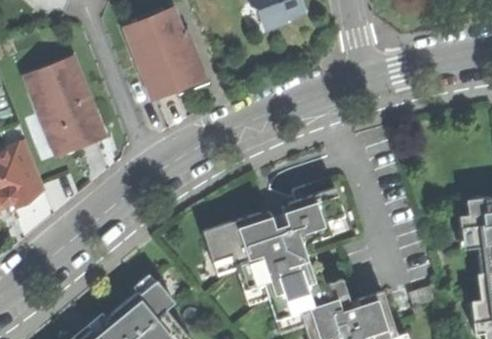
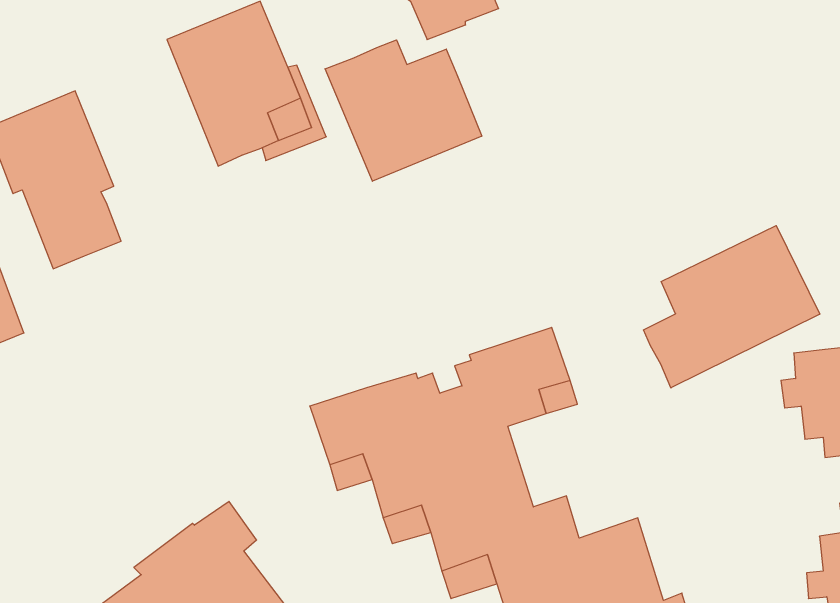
building: none -> [325,40,482,181]
building: none -> [643,226,820,388]

